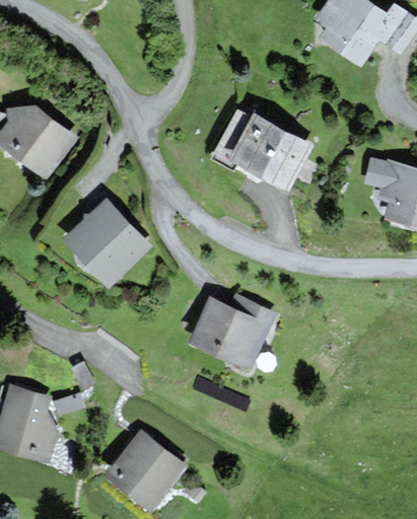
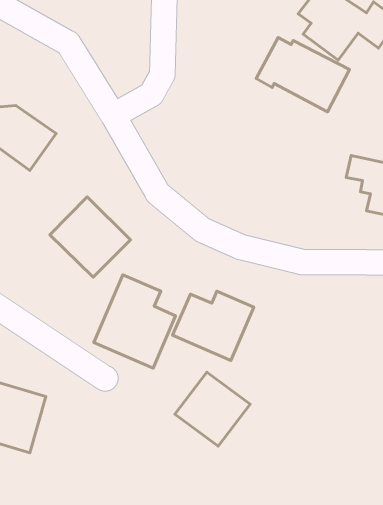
building: [215,113,309,188] -> [256,37,349,112]
building: none -> [94,275,176,368]
building: [108,432,184,507] -> [175,372,250,446]

